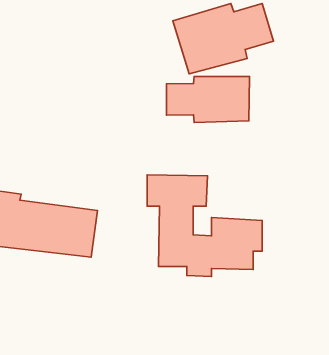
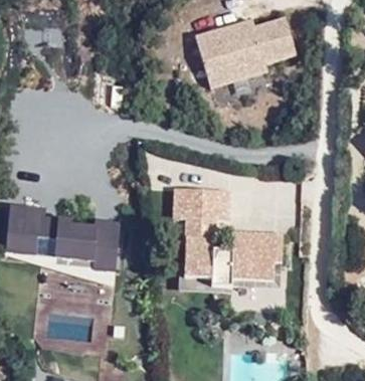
building: [167,76,249,123] -> none

